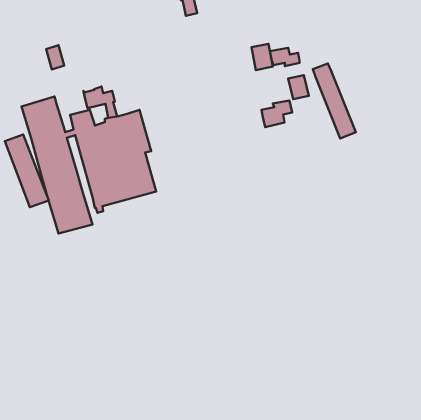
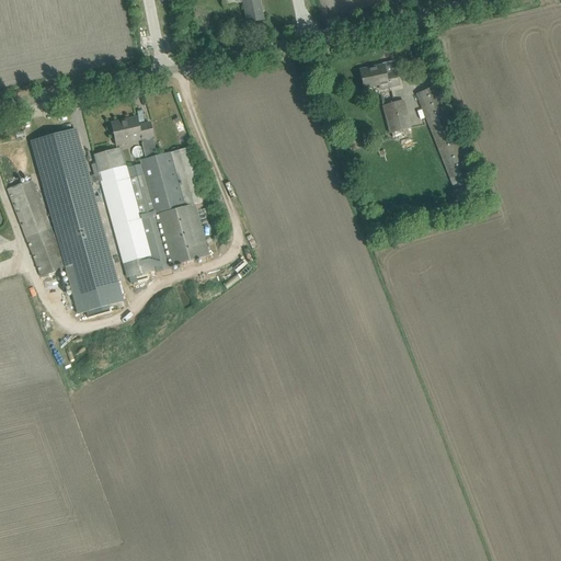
building: [252,44,273,70] -> none
building: [46,45,64,69] -> none
building: [262,100,292,127] -> none

